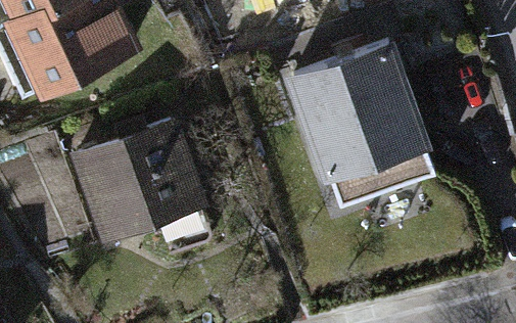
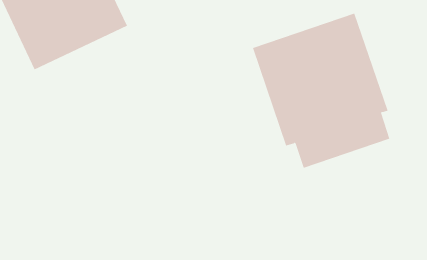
building: [66,120,205,245] -> none

